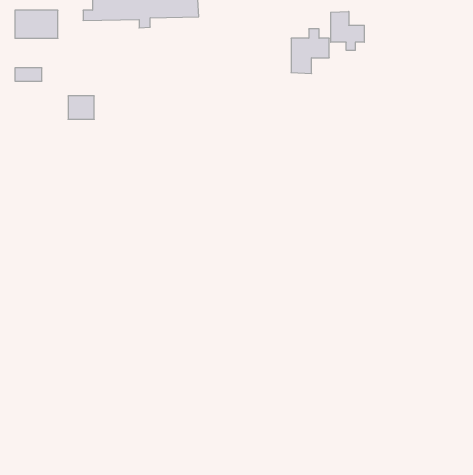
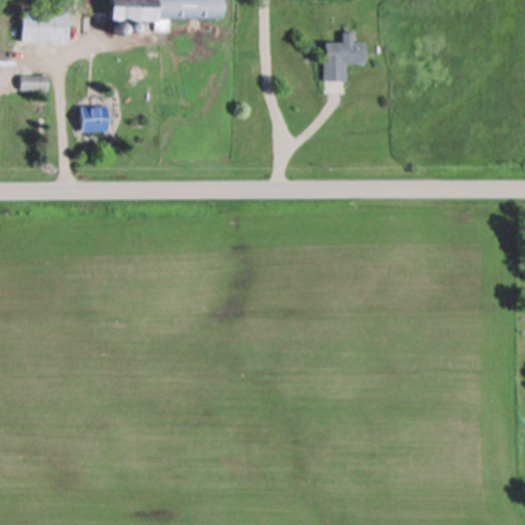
building: [331,11,364,50] -> none

